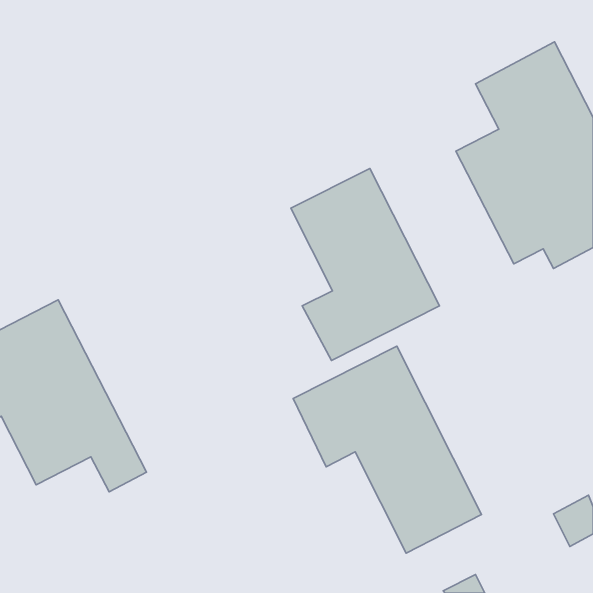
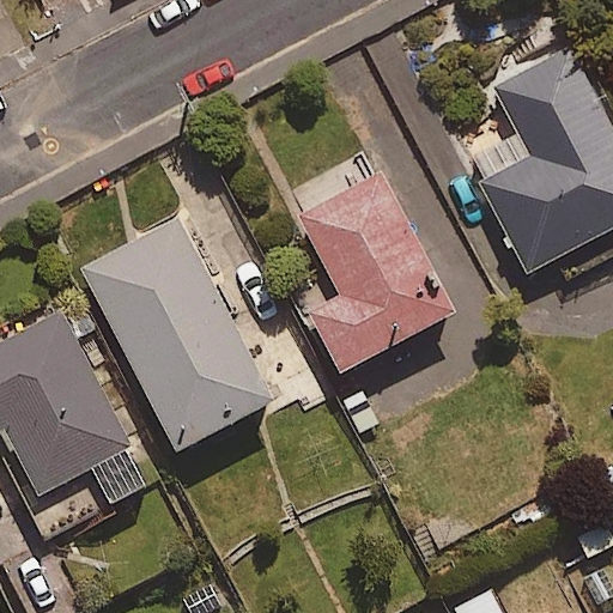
building: none -> [83,218,273,451]
building: [293,346,482,553] -> none

